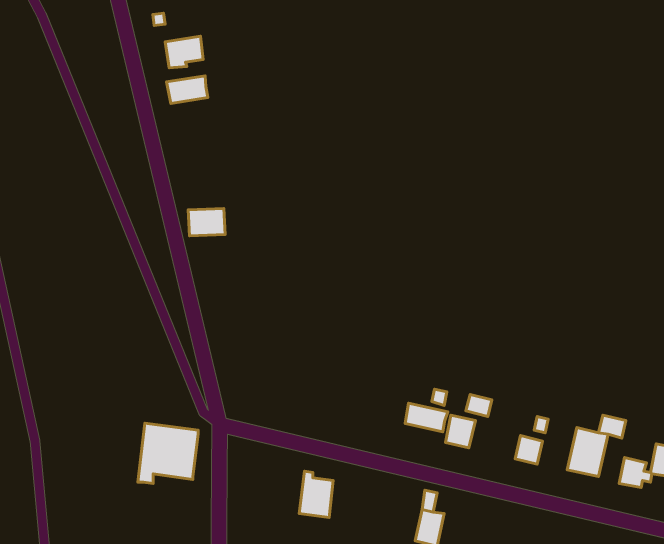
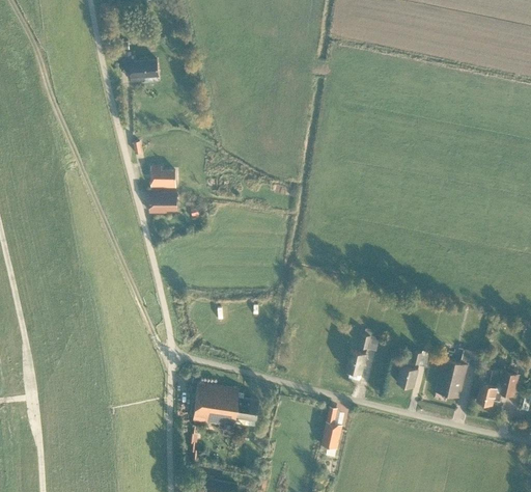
building: [166,76,208,103] -> none
building: none -> [152,169,176,190]
building: [405,403,448,432] -> none
building: [138,423,198,483] -> [192,384,237,430]

